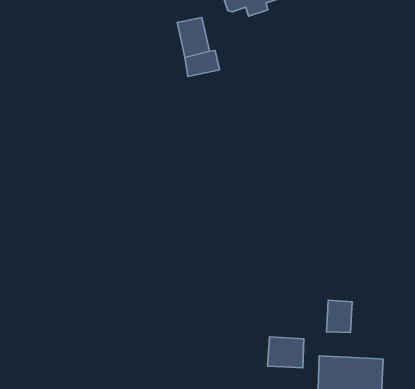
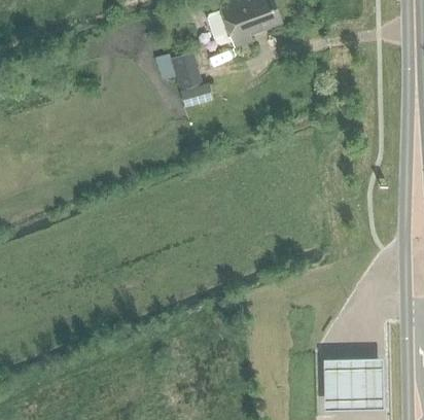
building: [327,300,352,333] -> none
building: [267,337,304,368] -> none

